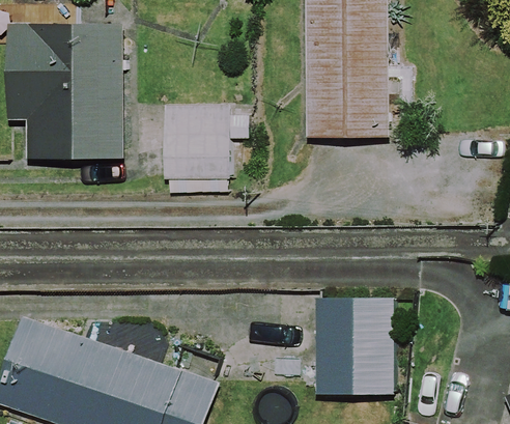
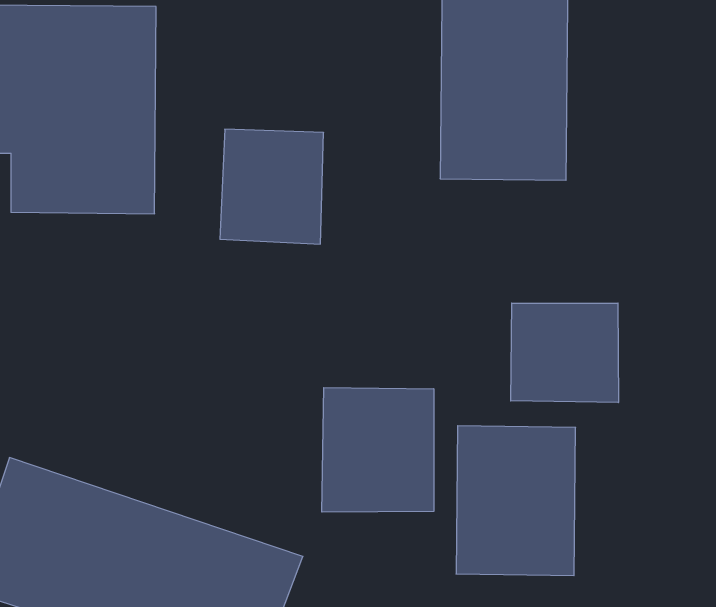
building: none -> [511,303,618,403]
building: none -> [322,388,434,512]

